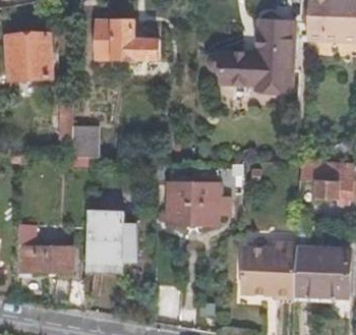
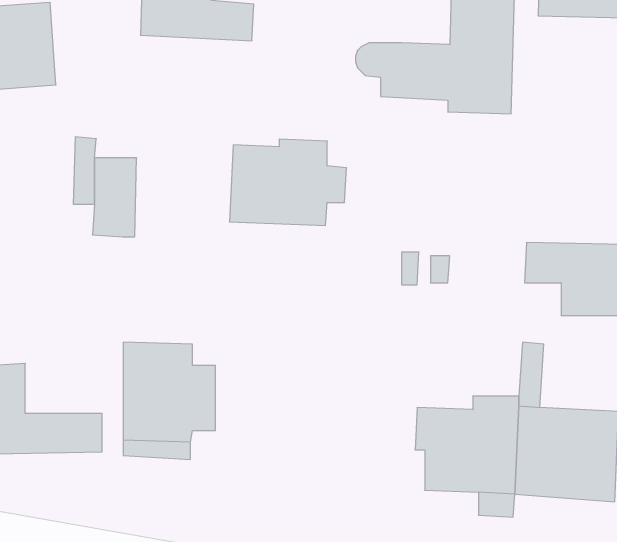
building: [169,181,231,227] -> [229,139,347,226]

